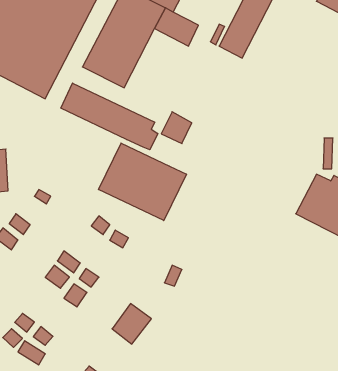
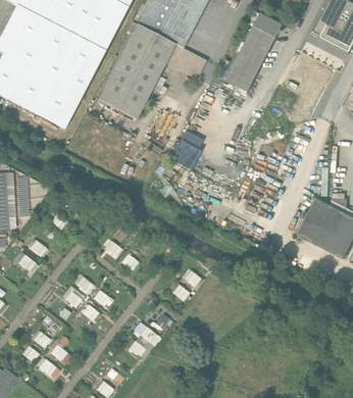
building: [61,83,158,150] -> none
building: [99,143,186,221] -> none

